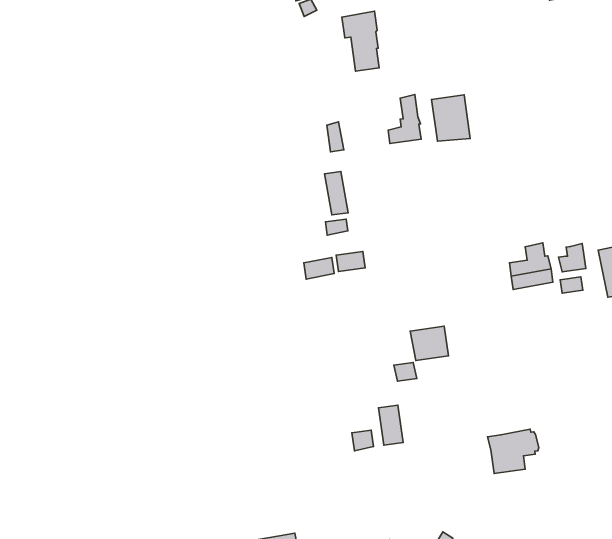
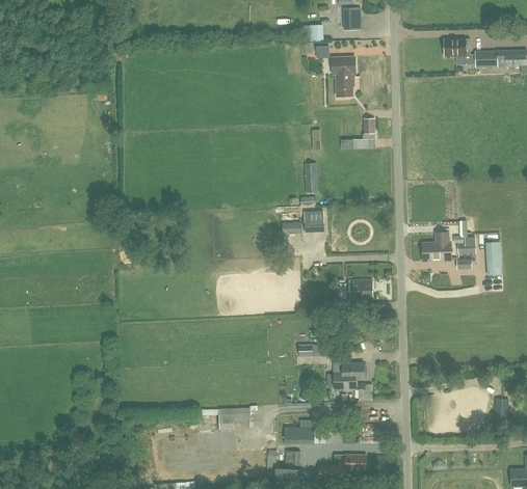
building: [432,95,470,141] -> none
building: [488,429,539,474] -> [333,360,367,387]

